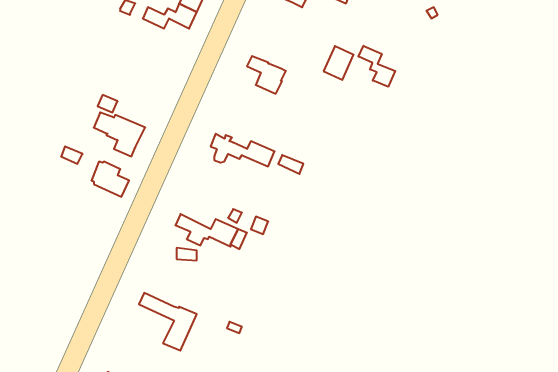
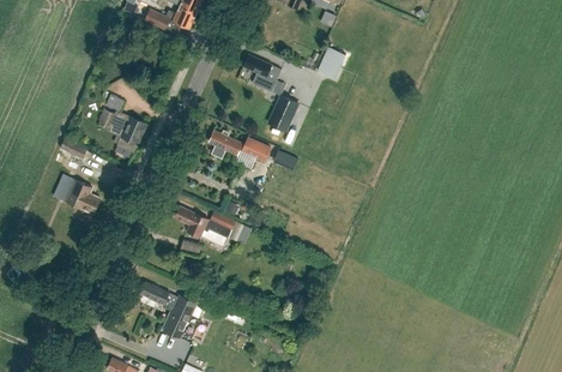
building: [358,46,395,87] -> none
building: none -> [267,96,297,131]
building: [91,162,129,197] -> [64,181,99,215]

